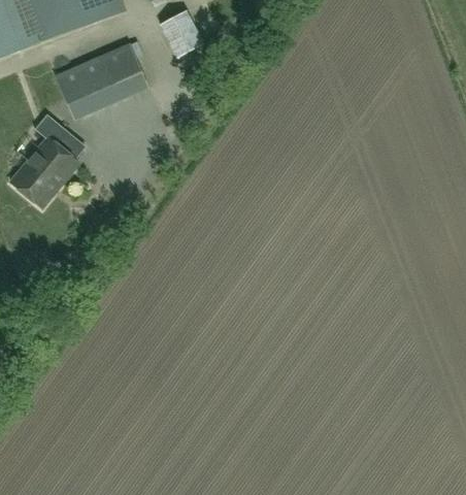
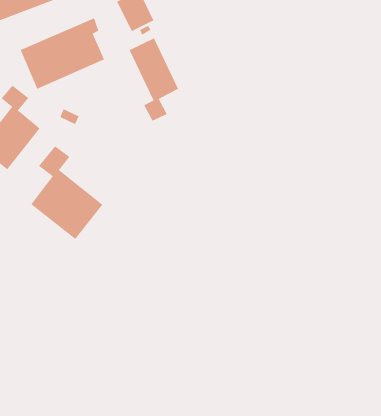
building: none -> [129,38,179,122]
building: none -> [30,145,103,240]

